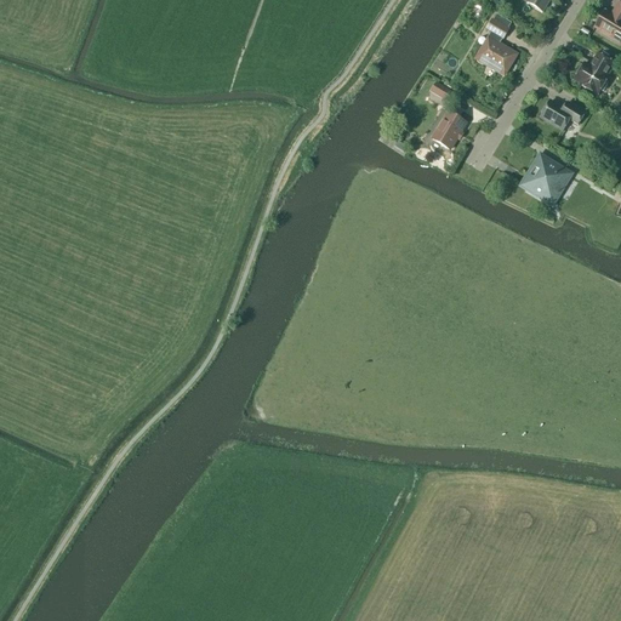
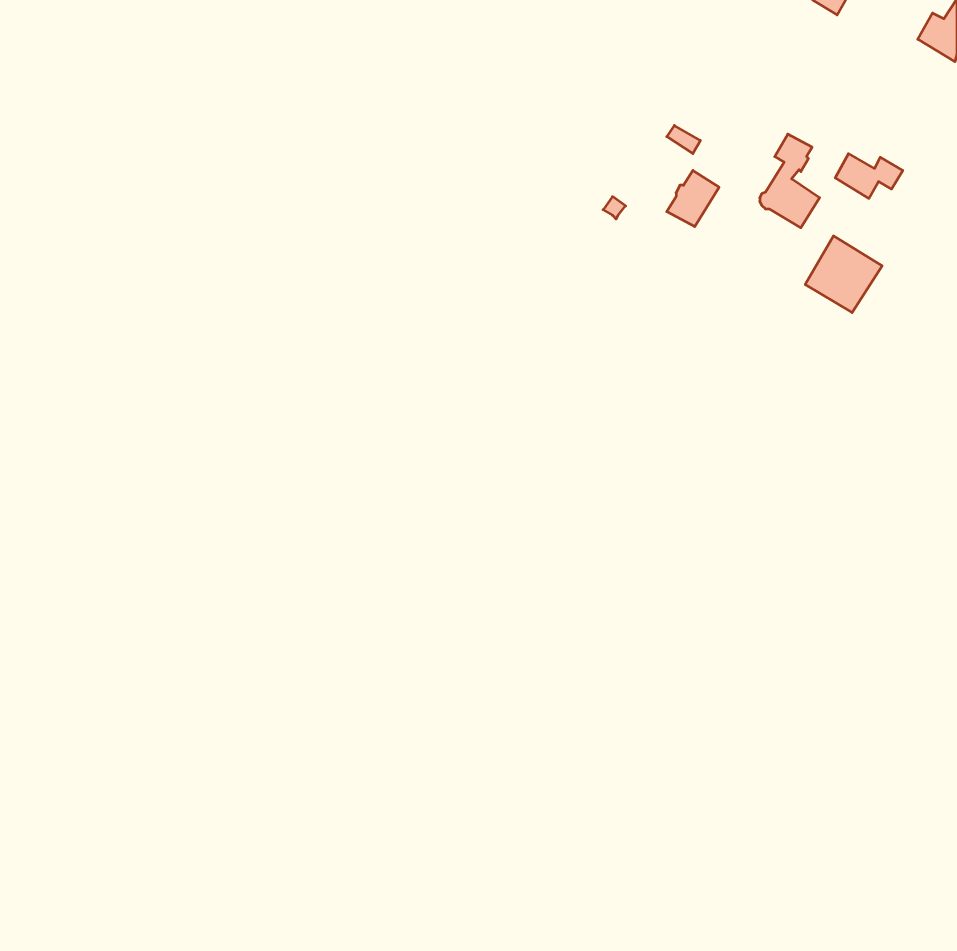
building: [477,12,515,73] -> [760,134,820,228]
building: [574,53,614,92] -> none

